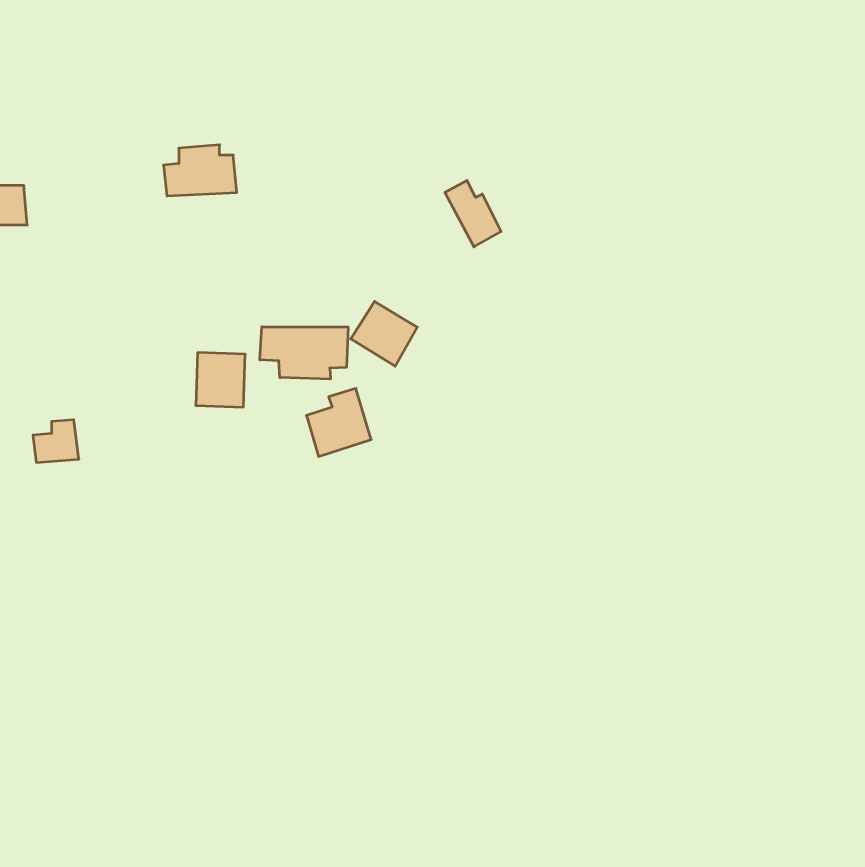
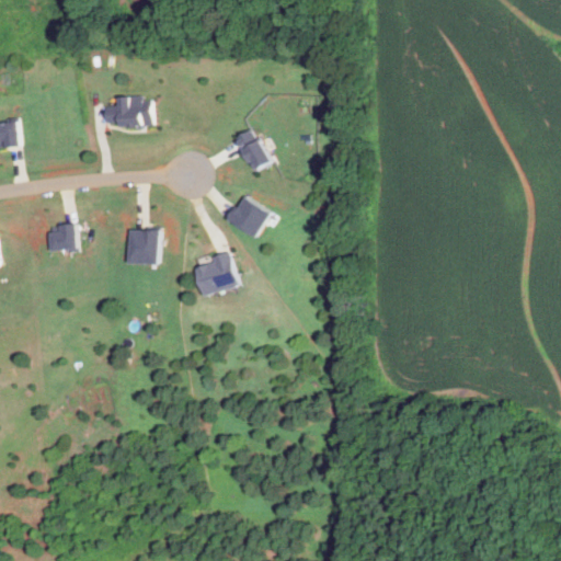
building: [445,180,501,247] -> [236,129,272,172]
building: [260,327,348,379] -> none
building: [33,420,79,462] -> [46,224,76,251]

